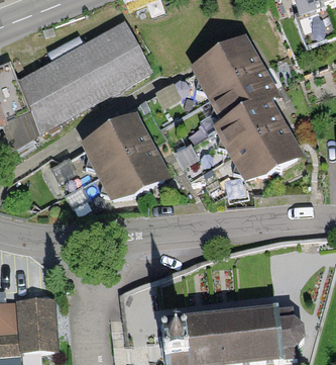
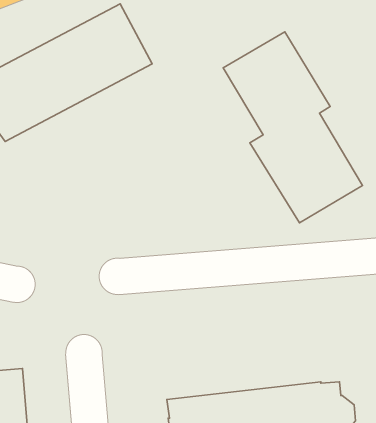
building: [91,115,175,204] -> none

